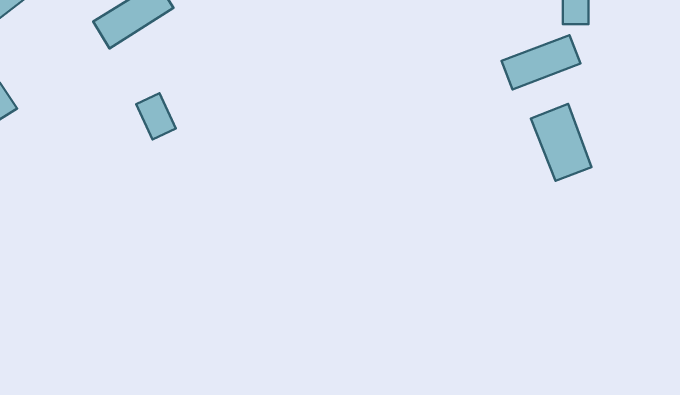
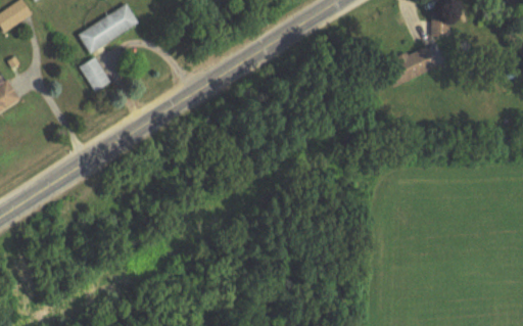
building: [136,93,176,139] -> [80,56,109,91]
building: [531,104,592,181] -> none

